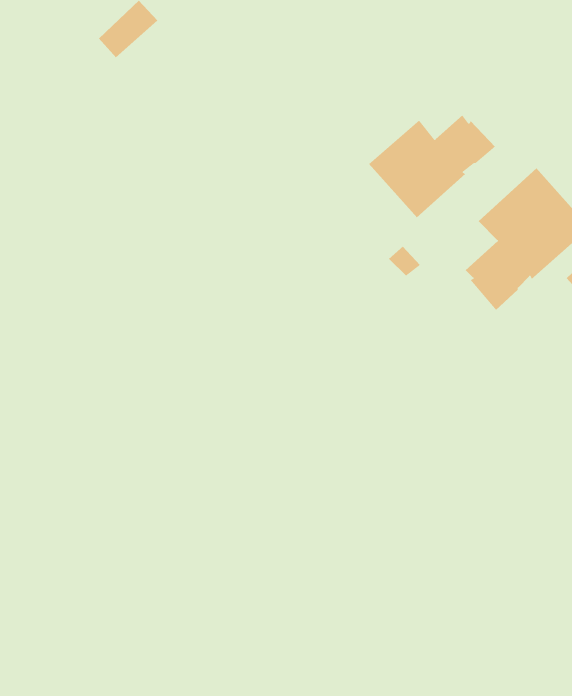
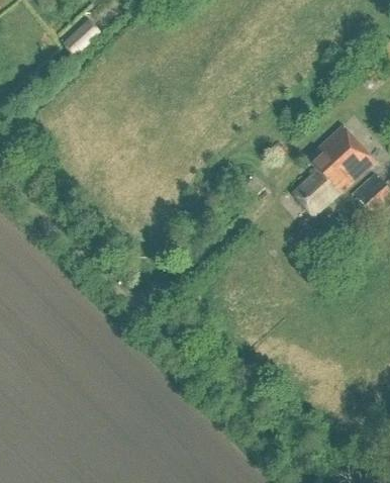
building: [368,115,496,218] -> none

